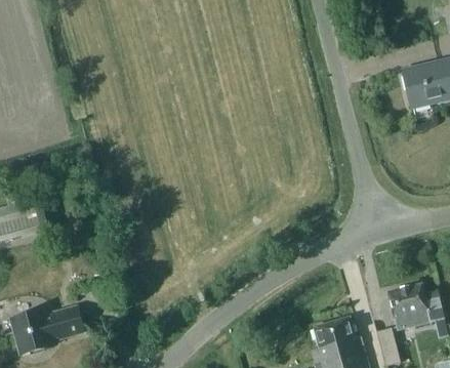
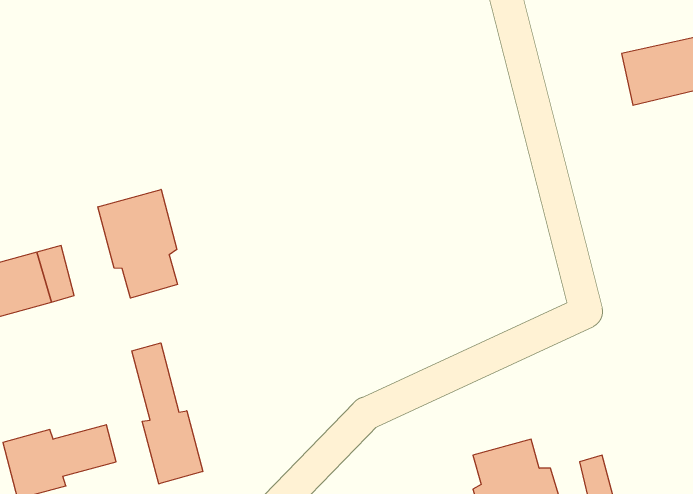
building: none -> [98,189,177,298]
building: none -> [132,343,203,484]
building: [387,283,443,329] -> none

